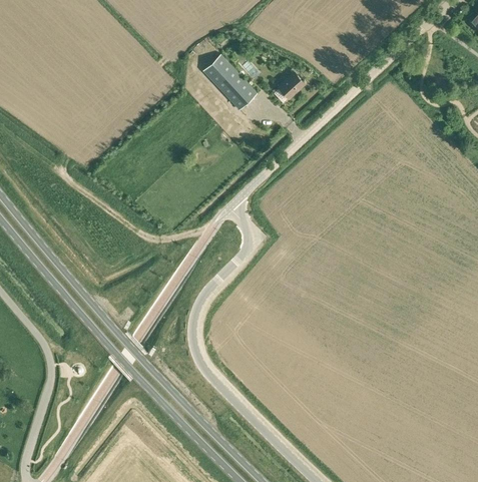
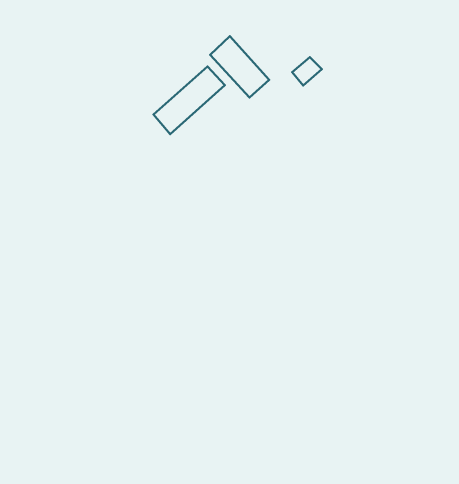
building: none -> [153,67,225,134]

